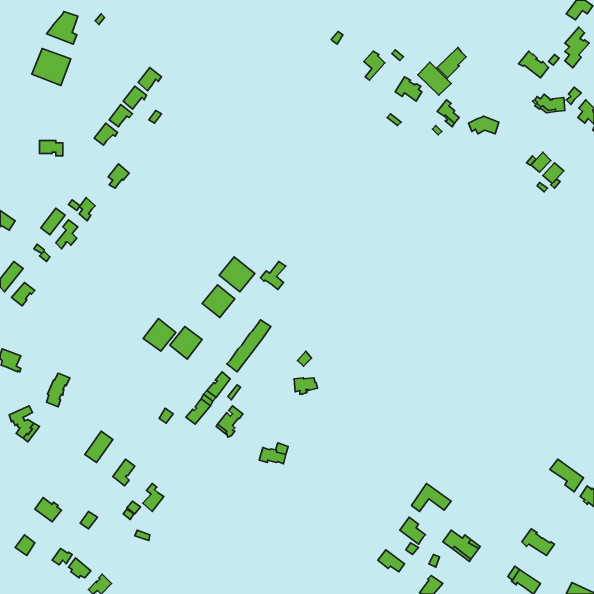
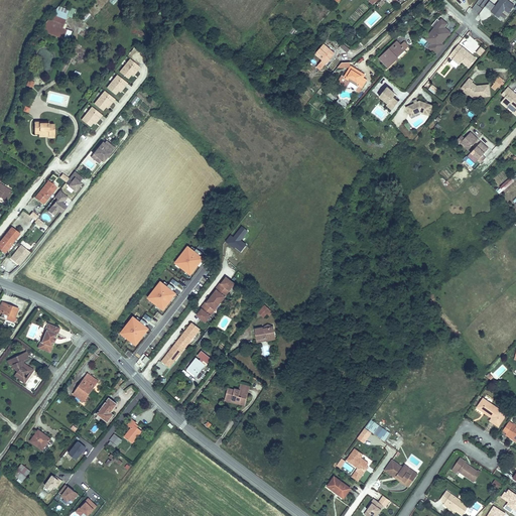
building: [565,27,589,68] -> [430,18,452,53]
building: [32,49,71,86] -> none
building: [418,62,451,95] -> none
building: [219,257,255,292] -> none
building: [143,319,176,351] -> [120,317,148,346]

